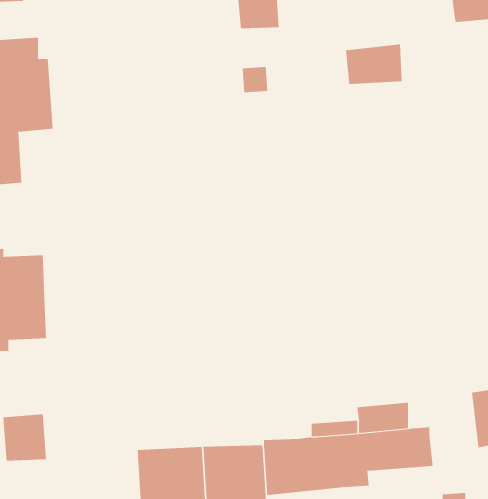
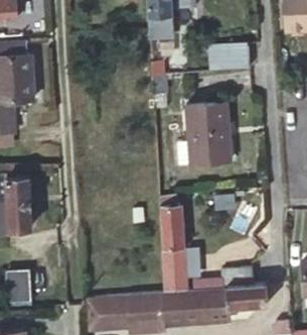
building: none -> [174,103,233,162]
building: none -> [160,194,187,291]

